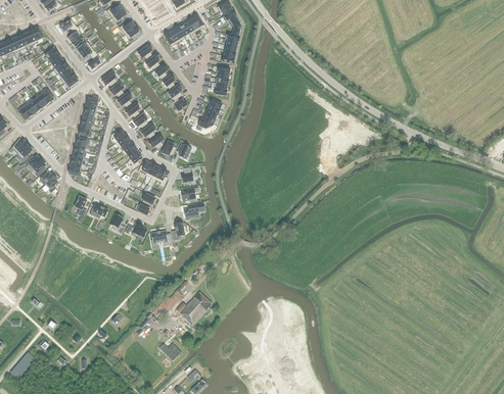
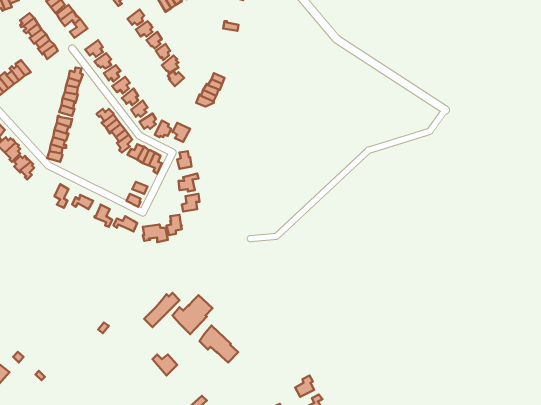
building: none -> [200,326,238,363]

